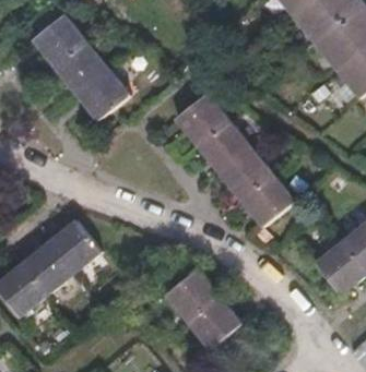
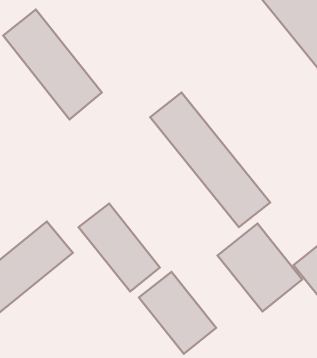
building: none -> [78,204,160,291]
building: none -> [218,224,302,312]

